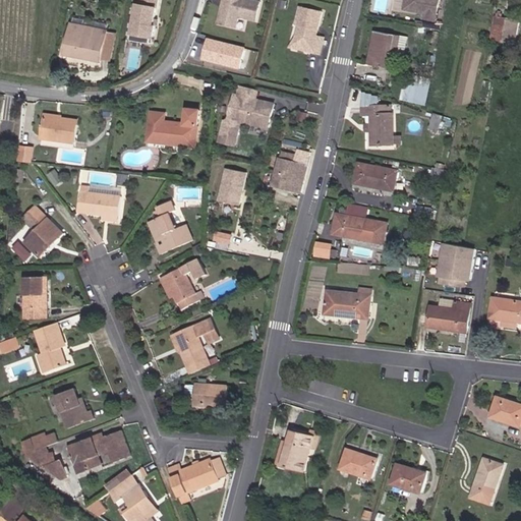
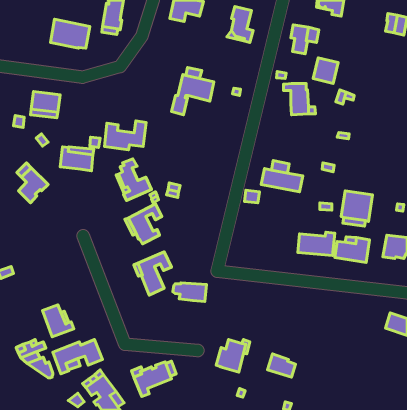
building: [197,38,243,68] -> none
building: [146,109,198,146] -> [105,121,146,150]
building: [270,150,308,193] -> none
building: [353,164,396,191] -> none
building: [217,168,245,206] -> none
building: [22,278,47,317] -> none
building: [323,289,369,319] -> [298,232,335,256]
building: [34,323,65,373] -> none
building: [183,384,226,407] -> [173,283,207,301]
building: [469,458,502,504] -> none
building: [390,464,425,493] -> none

